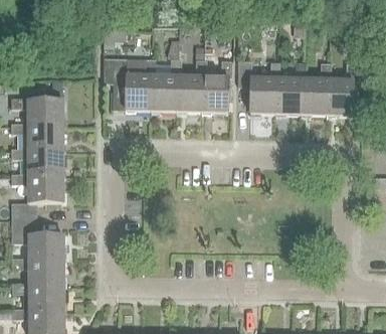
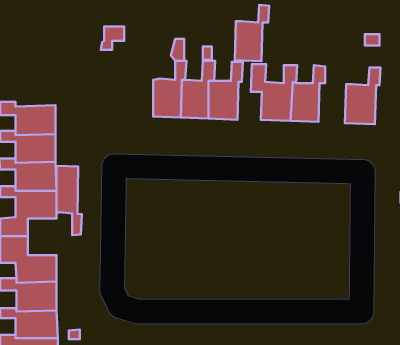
building: [103,55,157,109] -> none
building: [301,63,332,115] -> [235,5,269,61]
building: none -> [57,166,82,235]

